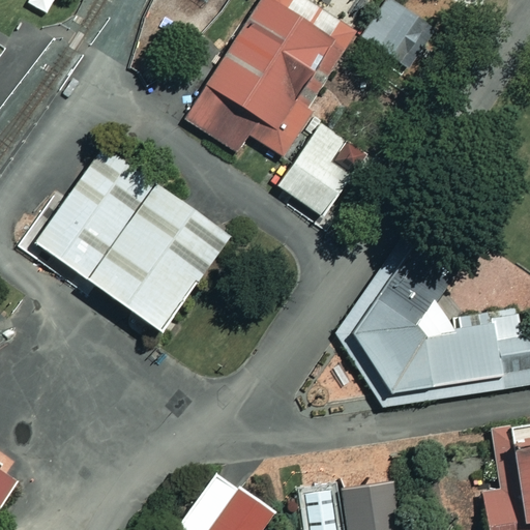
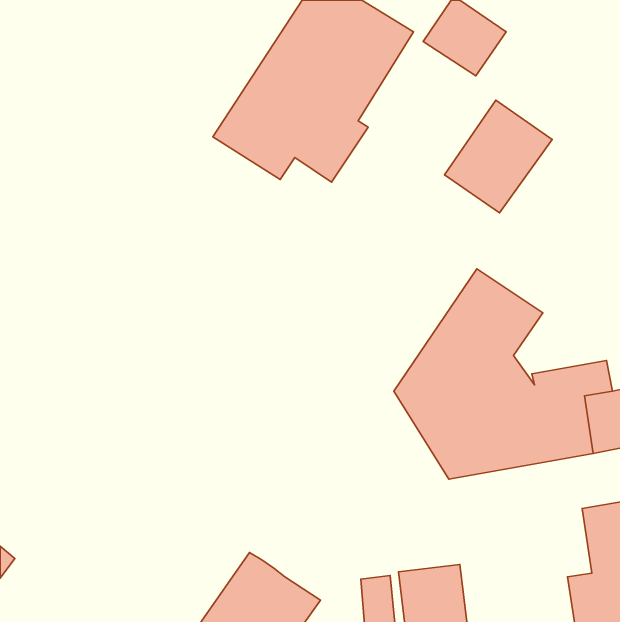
building: [277,121,369,216] -> [445,100,552,213]
building: [34,147,230,333] -> none

